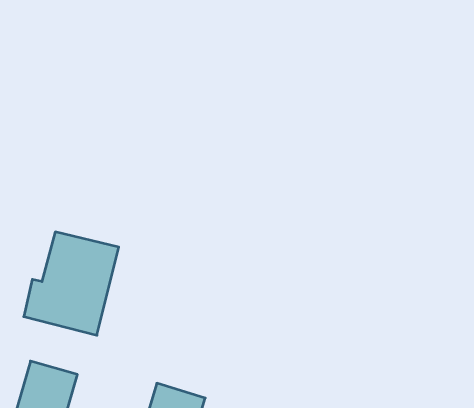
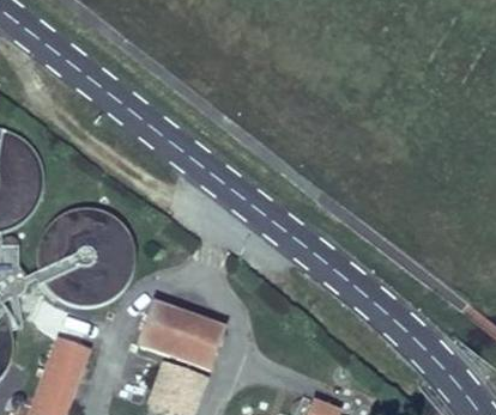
building: none -> [137,311,218,367]

